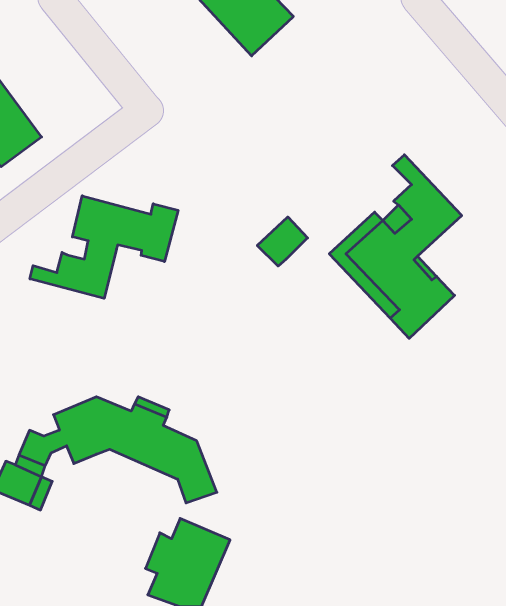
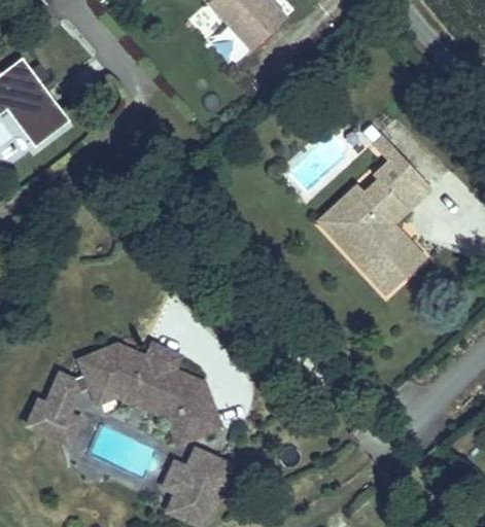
building: [30,196,178,298] -> none
building: [257,217,308,266] -> none
building: none -> [116,390,194,443]

